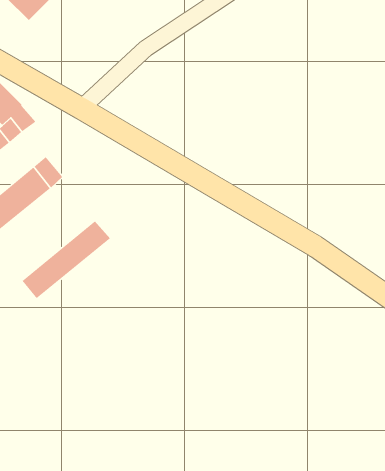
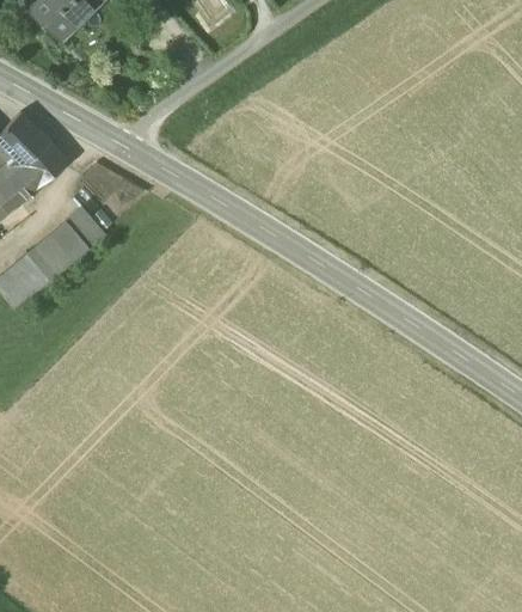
building: [22,220,111,299] -> none

